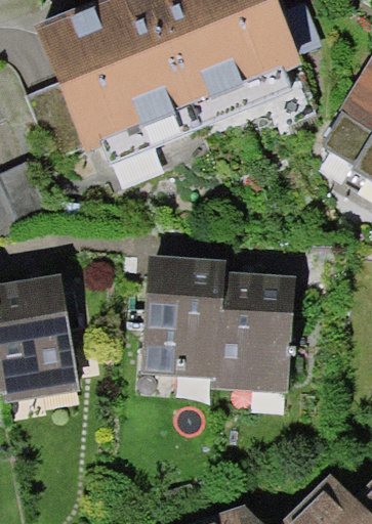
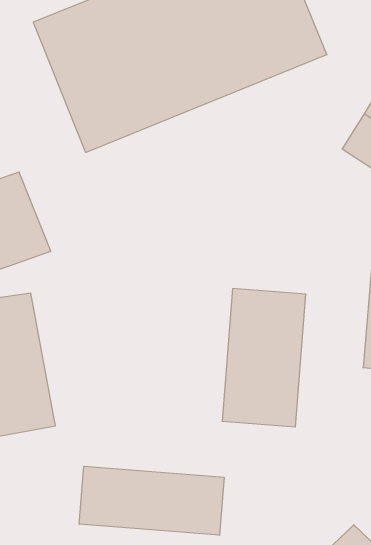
building: [140,262,221,384] -> none
building: none -> [79,466,224,535]

